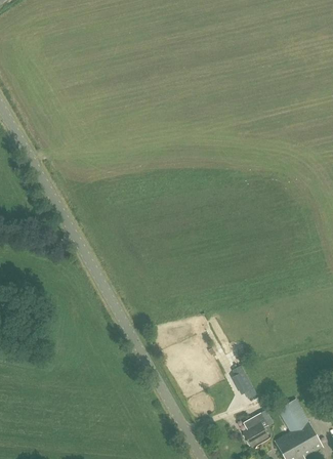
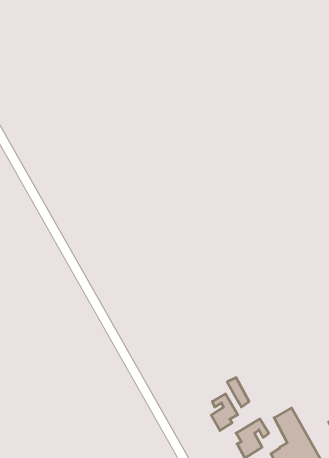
building: none -> [211,394,238,431]

